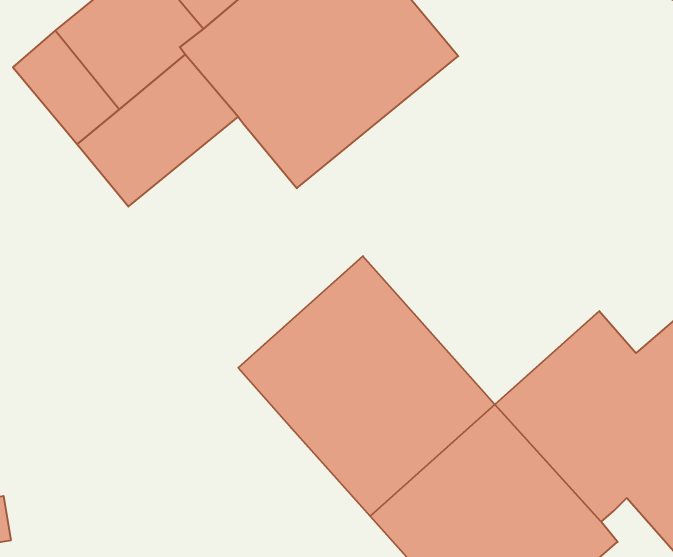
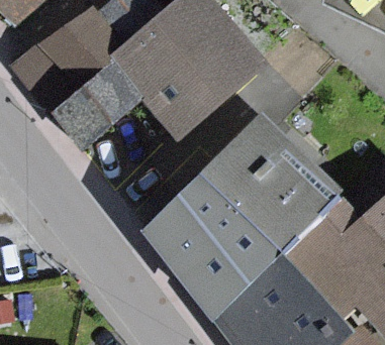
building: none -> [210,121,341,253]

